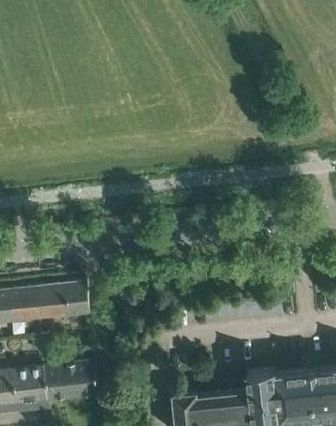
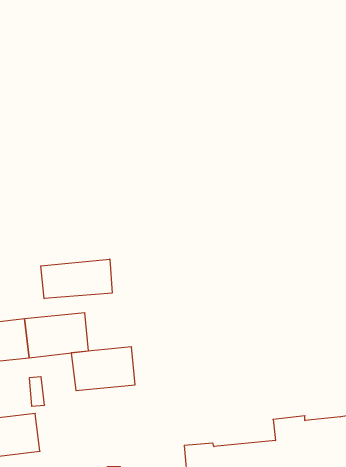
building: none -> [41,259,112,299]
building: [44,363,99,400] -> [71,347,135,391]

